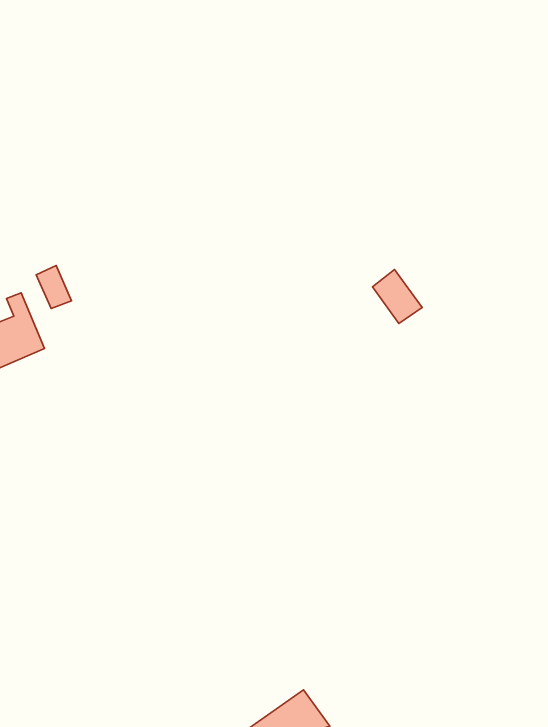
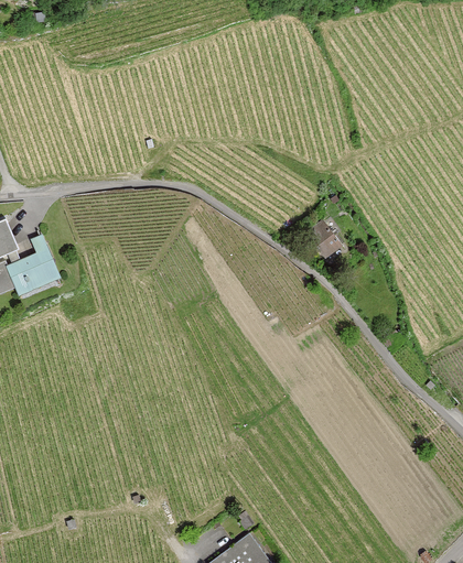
building: [36,265,71,309] -> none

